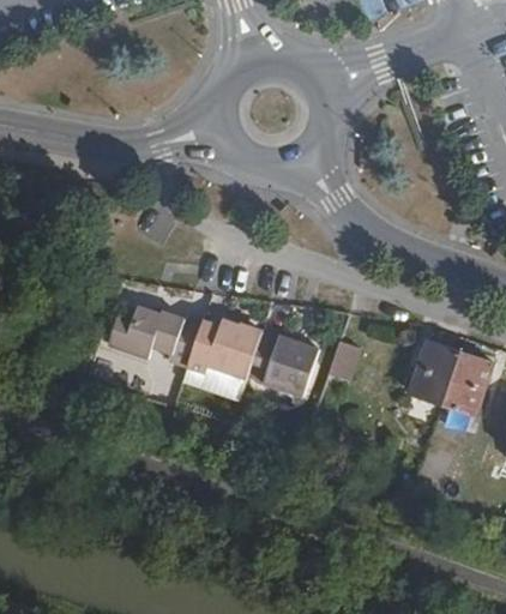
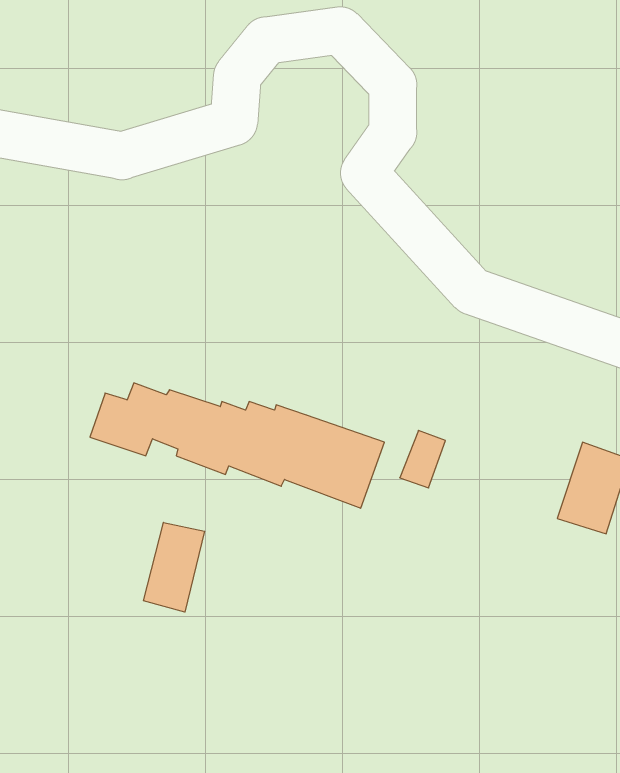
building: [404,337,458,403] -> none
building: none -> [143,522,205,612]

